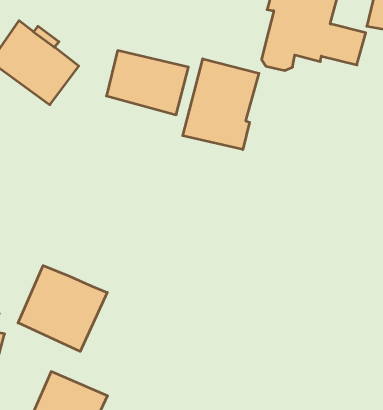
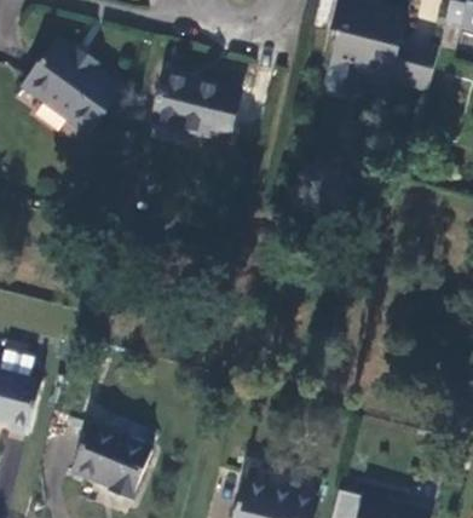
building: [183,59,259,150] -> none
building: [18,266,107,351] -> none

